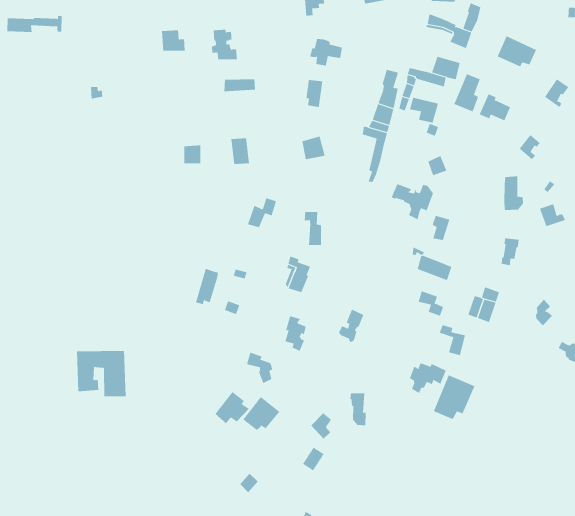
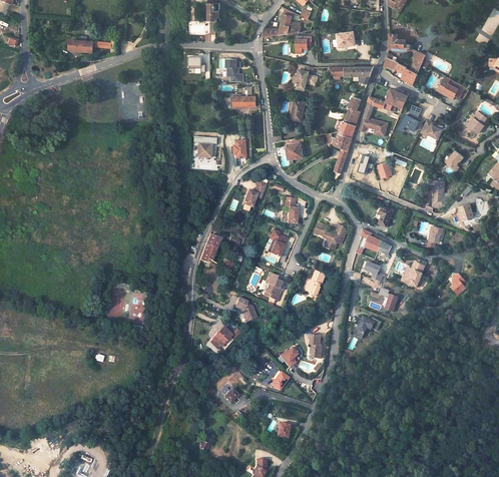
building: none -> [331,67,373,84]
building: [391,183,434,220] -> [315,221,347,250]
building: [433,374,475,420] -> none
building: [243,396,280,431] -> none

